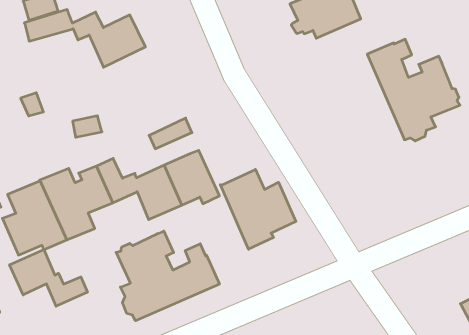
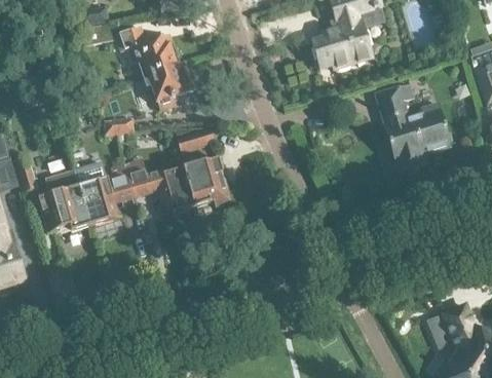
building: none -> [141,61,193,108]
building: [220,169,296,249] -> none
building: [116,231,219,321] -> none
building: [10,250,87,306] -> none

